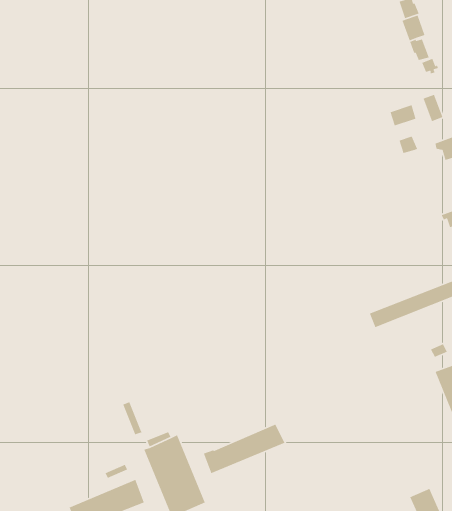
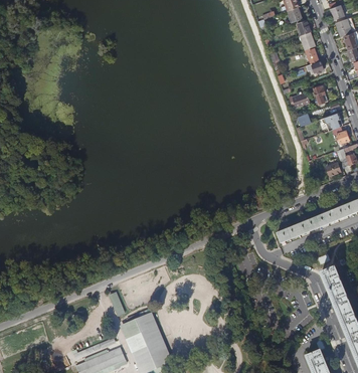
building: [203,423,285,474] -> none

